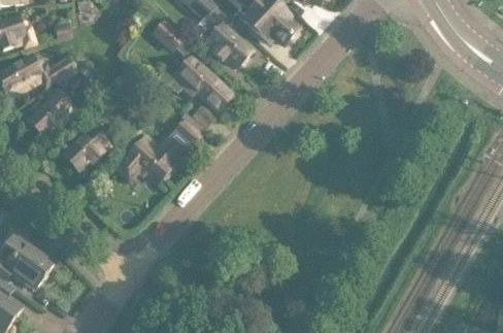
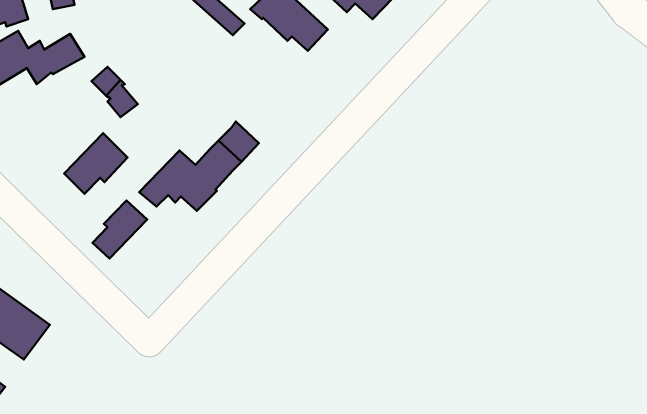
building: [167,59,231,113] -> none
building: [28,86,75,133] -> none
building: none -> [93,201,147,259]

